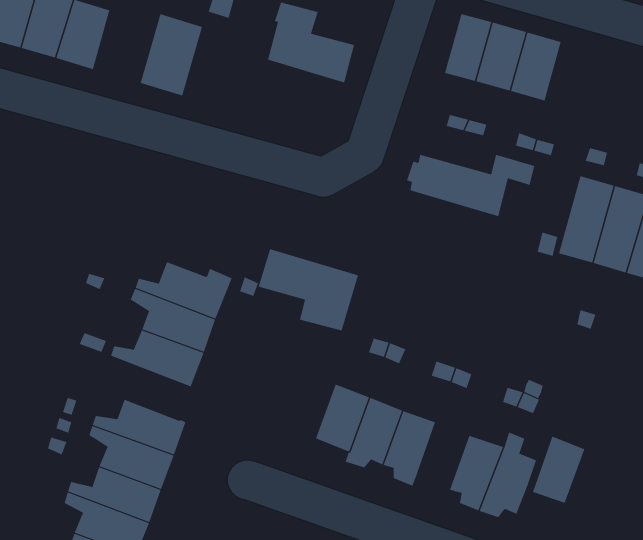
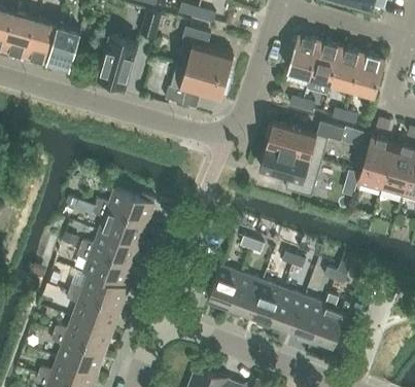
building: none -> [351,52,385,97]
building: none -> [166,64,227,106]
building: [258,249,359,331] -> [260,145,322,197]
building: none -> [77,248,131,288]
building: [532,436,585,504] -> [271,289,304,331]

